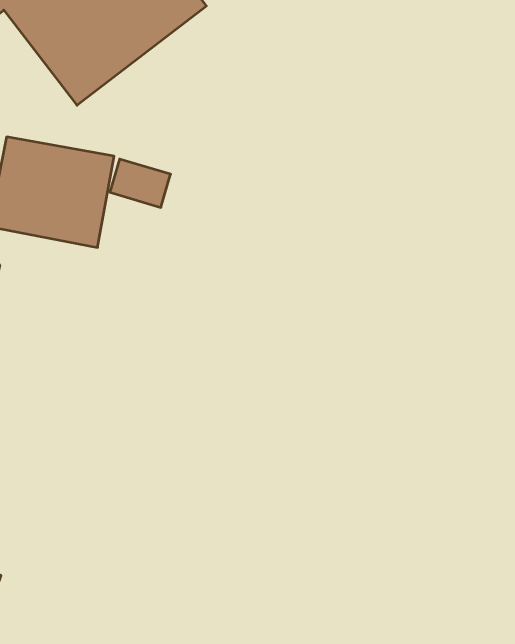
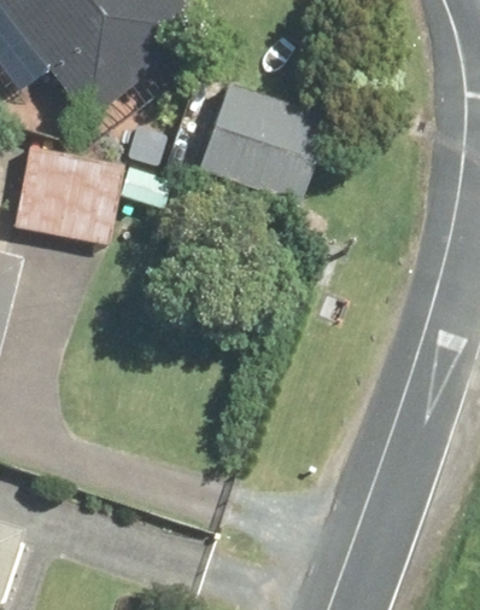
building: none -> [193,82,324,203]

